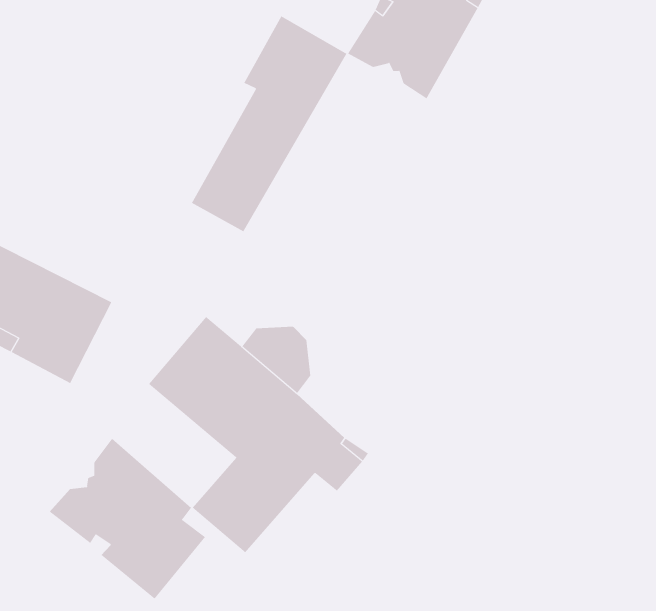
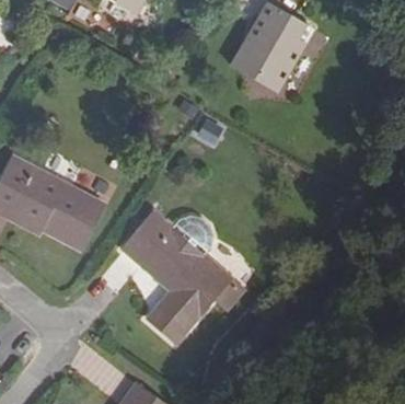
building: [191,16,347,232] -> none
building: [49,438,206,600] -> none

